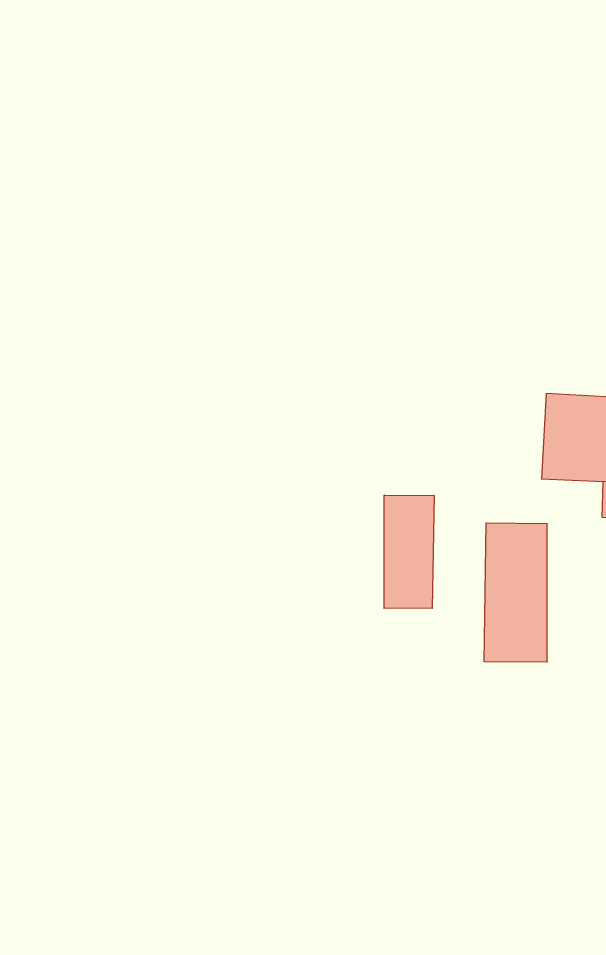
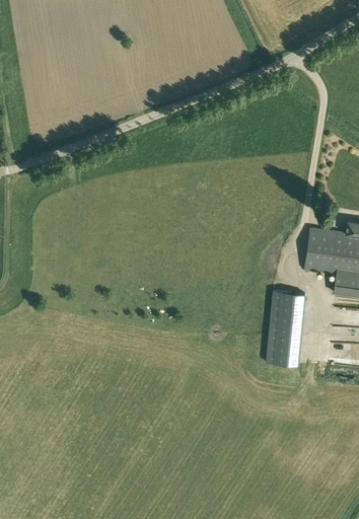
building: [384,495,434,608] -> none

